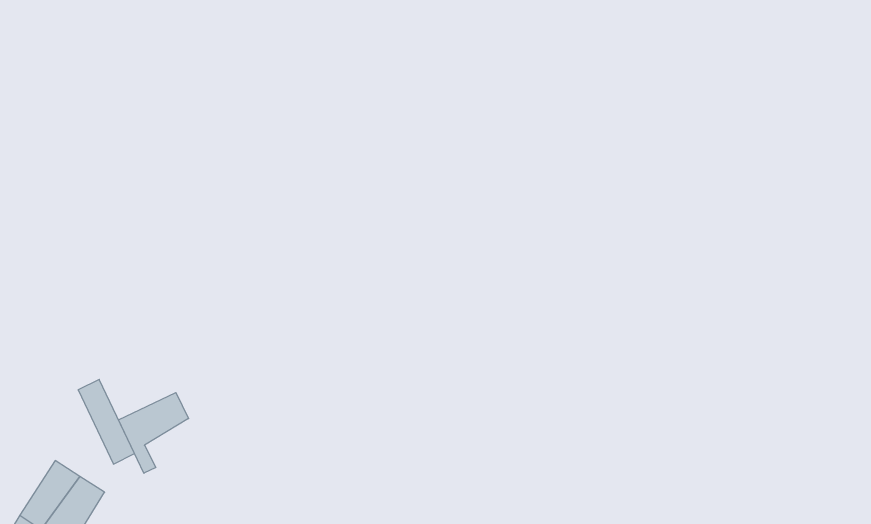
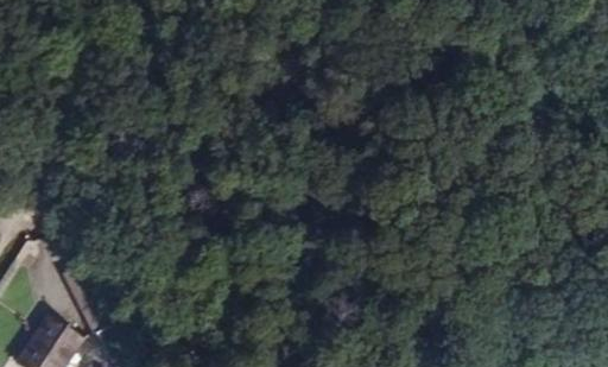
building: [119,393,189,473] -> none

